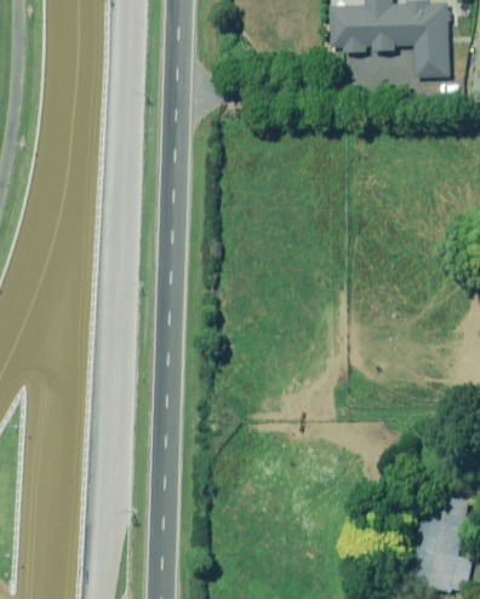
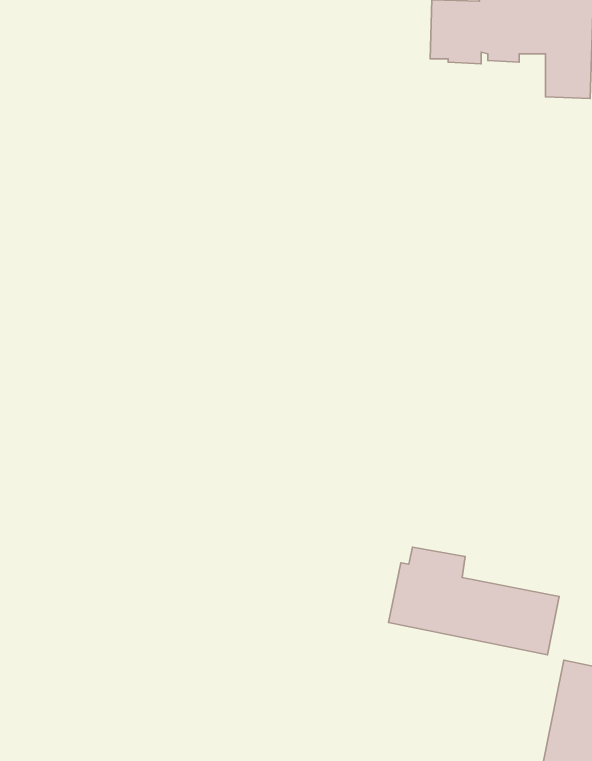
building: none -> [388,547,559,655]

